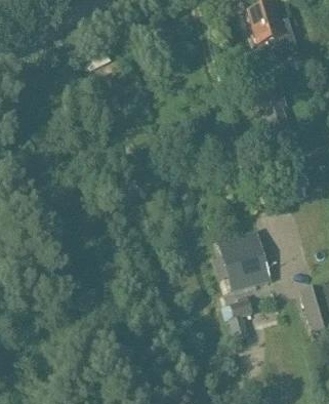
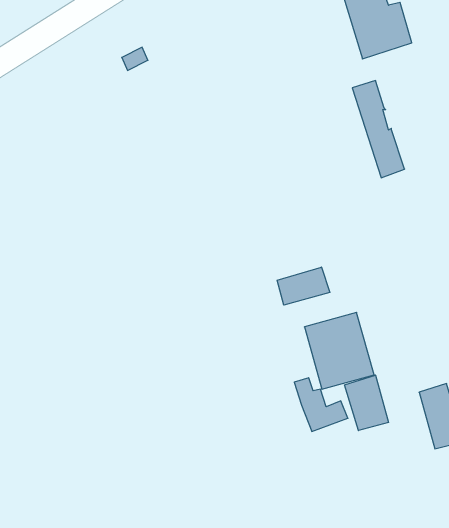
building: none -> [277,267,330,305]
building: none -> [344,375,389,431]

